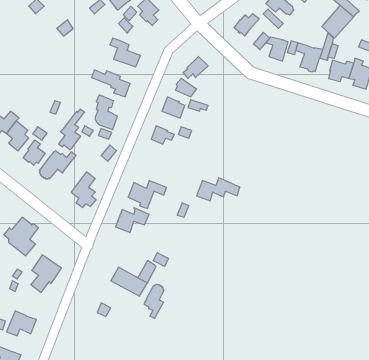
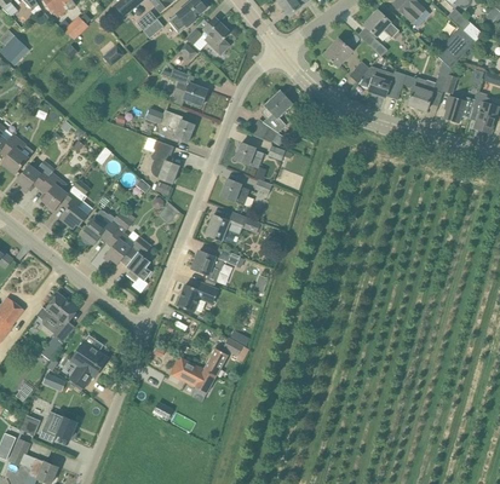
building: [59,109,85,150] -> [103,213,136,264]
building: [197,178,240,201] -> [205,211,259,240]
building: [144,284,164,319] -> none

